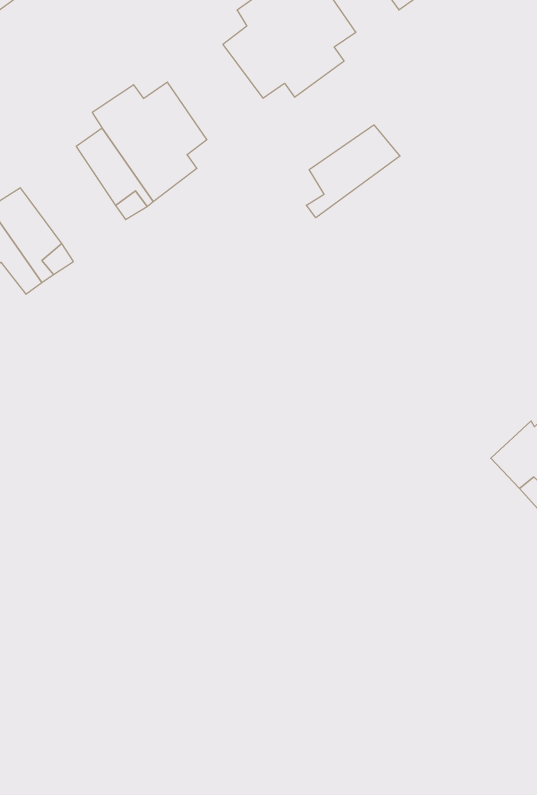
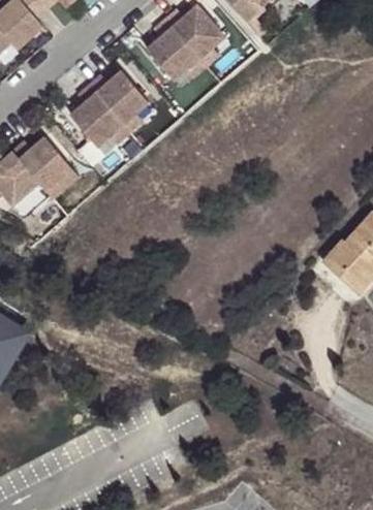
building: [306,125,400,218] -> none

